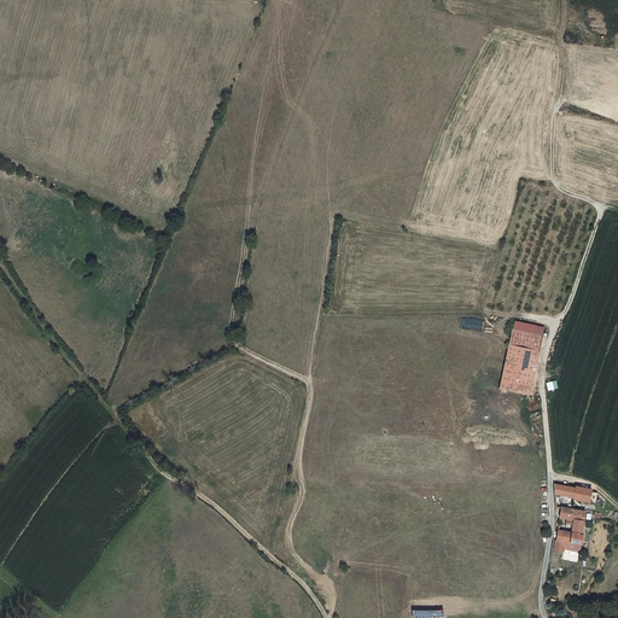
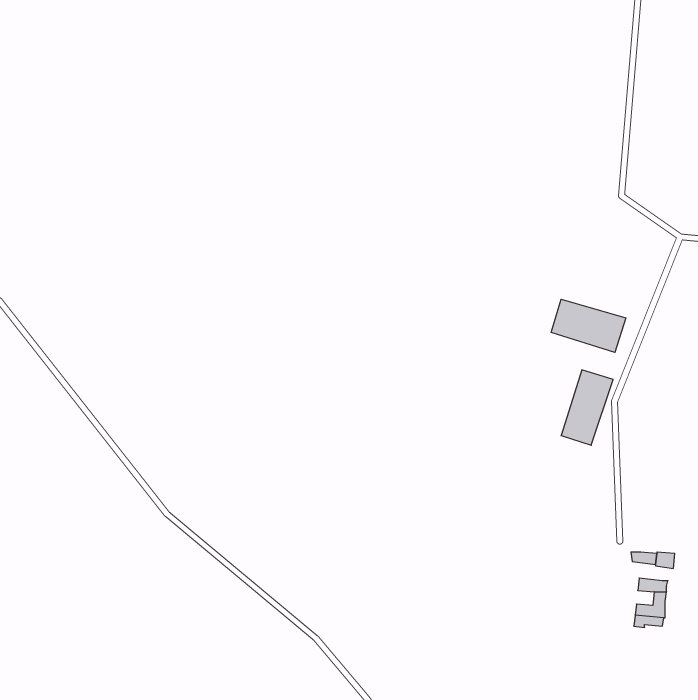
building: none -> [551,299,626,352]

